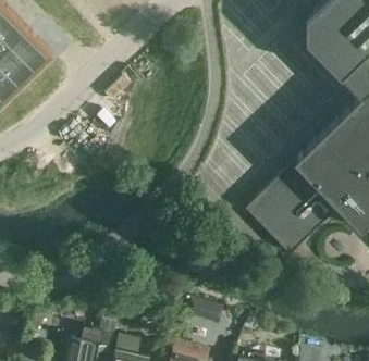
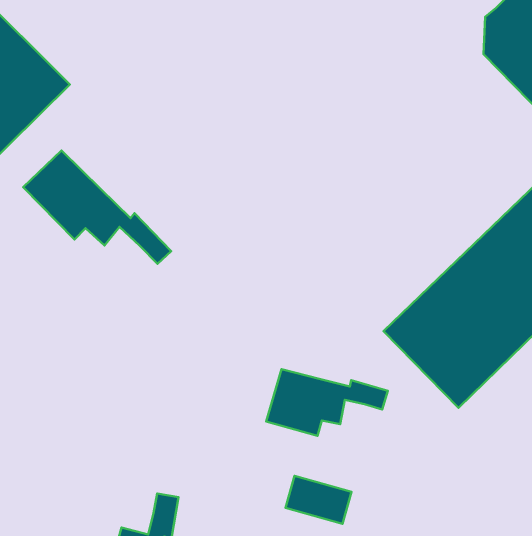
building: none -> [23,150,171,264]
building: none -> [266,369,388,436]

